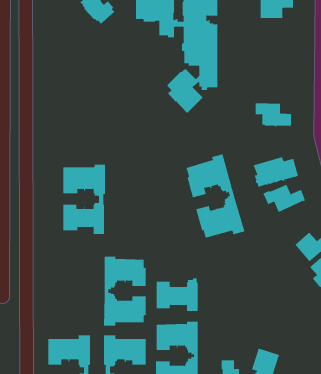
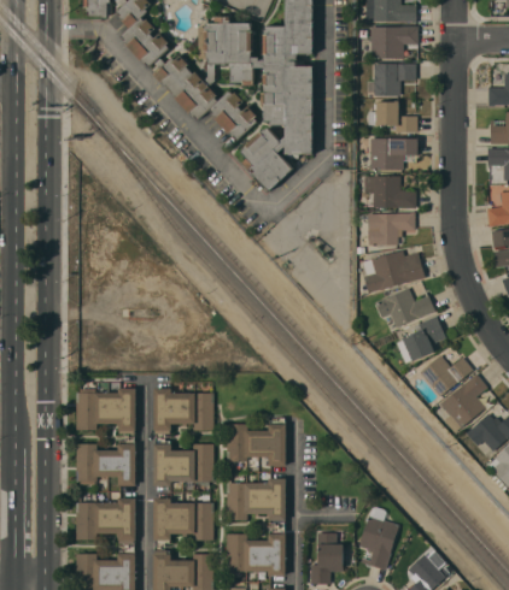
building: none -> [154,54,259,140]
building: none -> [367,63,416,96]
building: none -> [368,101,417,131]
building: none -> [370,137,419,169]
building: none -> [368,212,415,246]
building: [186,154,245,239] -> none
building: [62,164,106,234] -> [76,388,136,485]
building: none -> [396,315,446,362]

